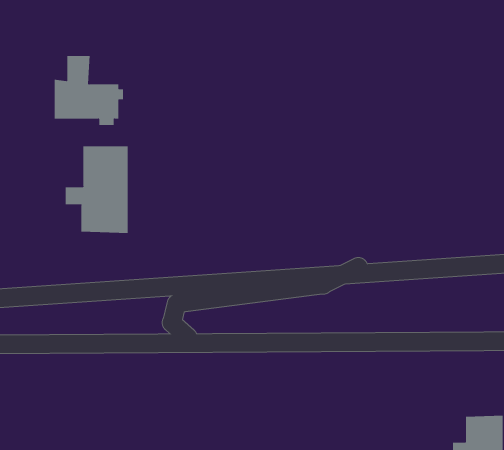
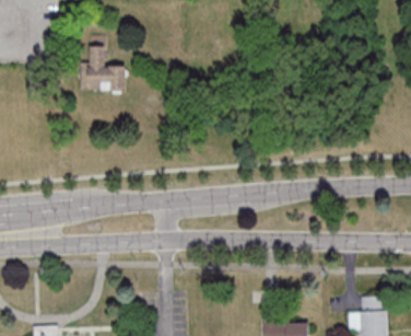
building: [65,146,128,234] -> none

